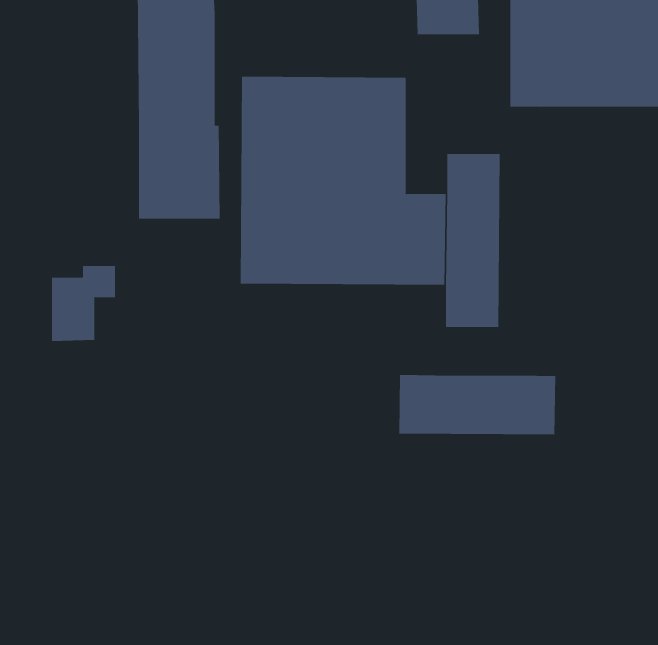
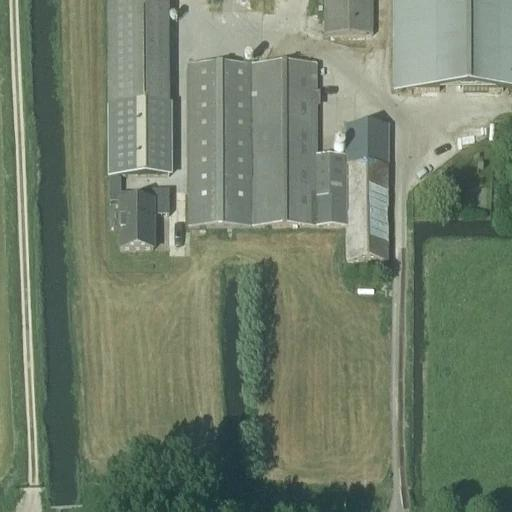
building: [51,265,116,342] -> [118,184,168,243]
building: [399,374,556,435] -> none

